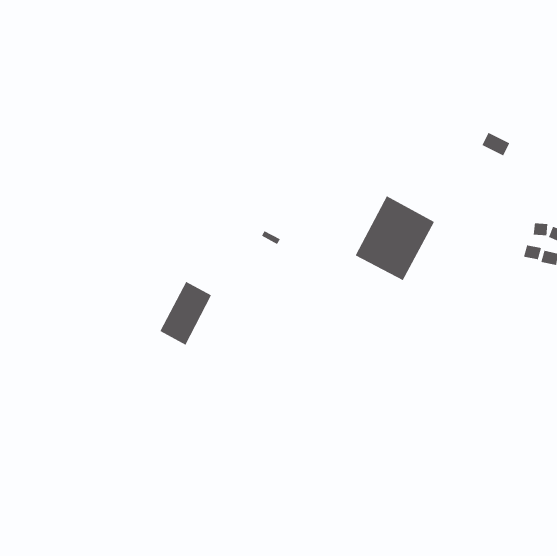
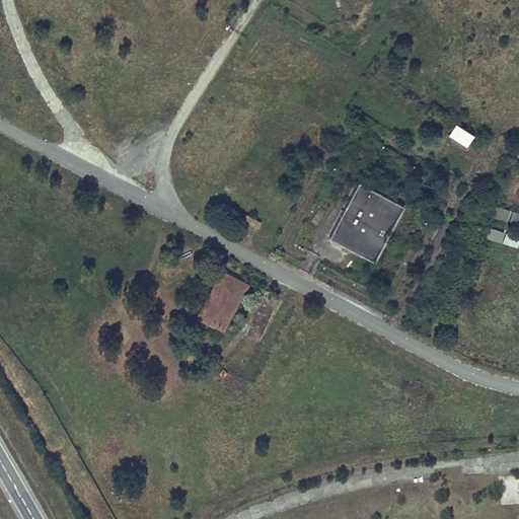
building: [160,281,212,345] -> [199,273,247,332]

